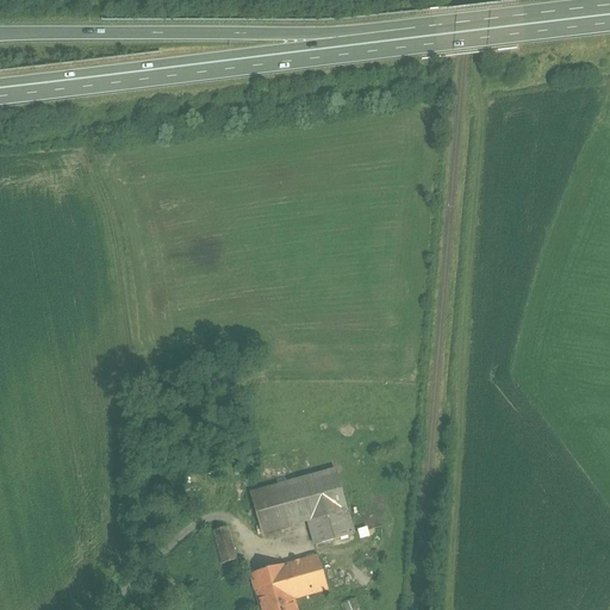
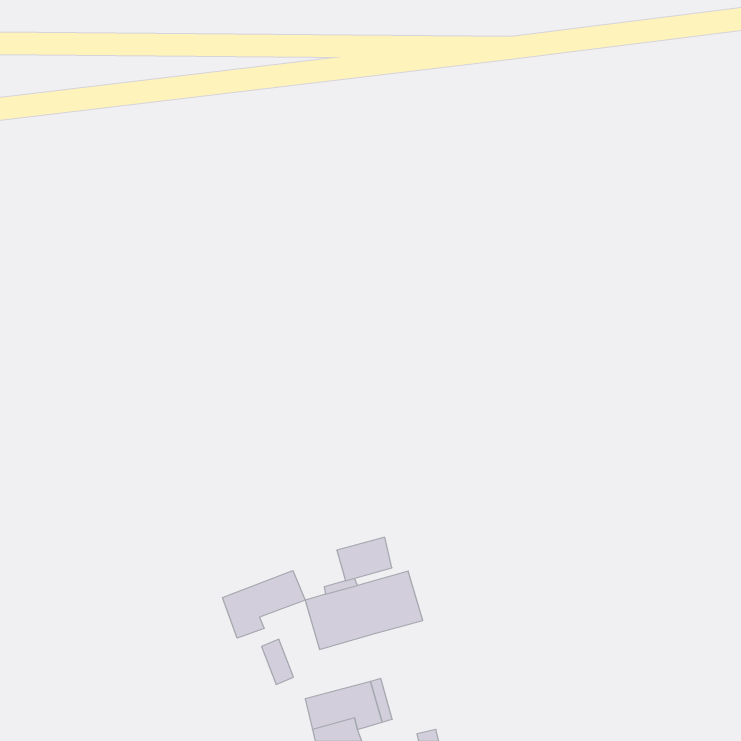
building: none -> [223,571,305,638]
building: [307,509,353,544] -> [337,537,392,581]

